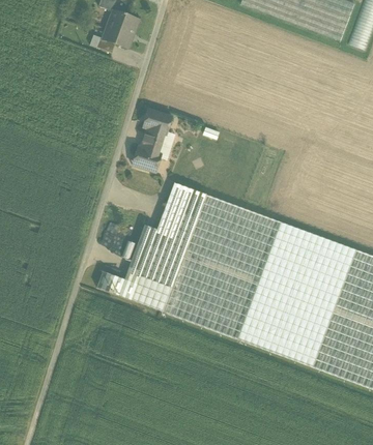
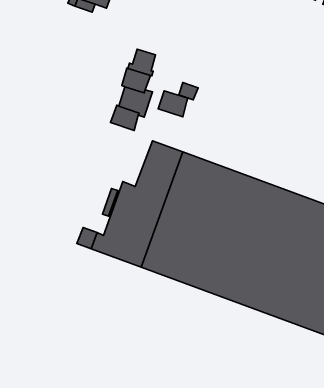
building: none -> [128,49,155,76]
building: none -> [158,91,188,117]

